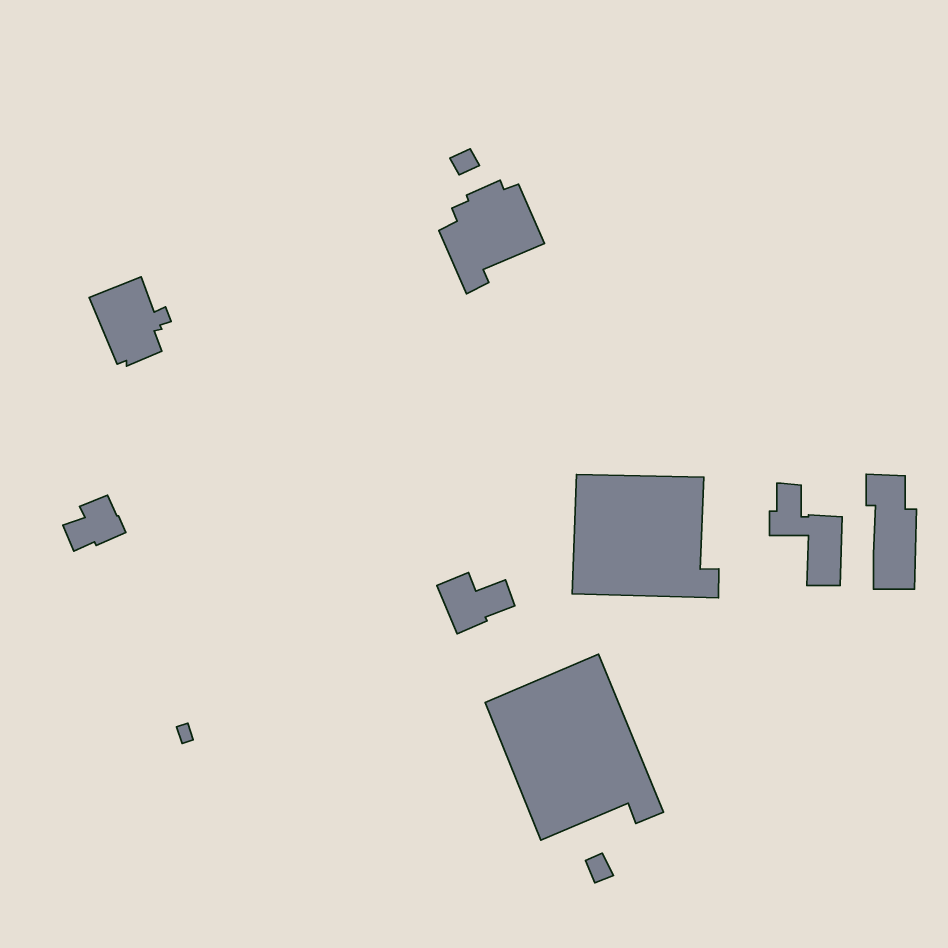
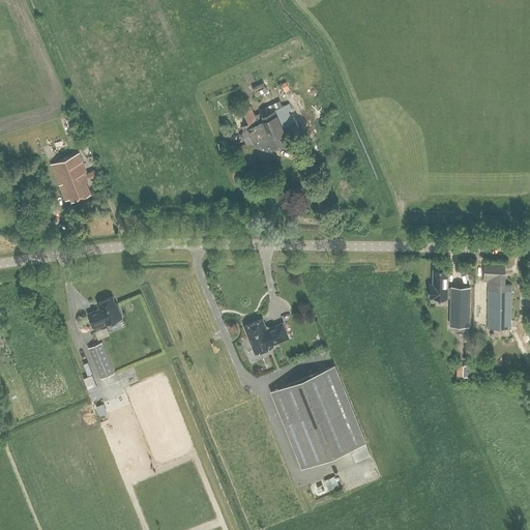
building: [572,474,719,598] -> none
building: [63,495,126,551] -> [86,297,121,328]
building: none -> [87,344,114,380]

